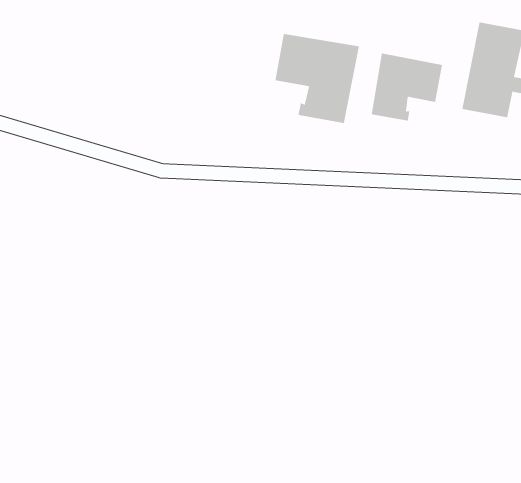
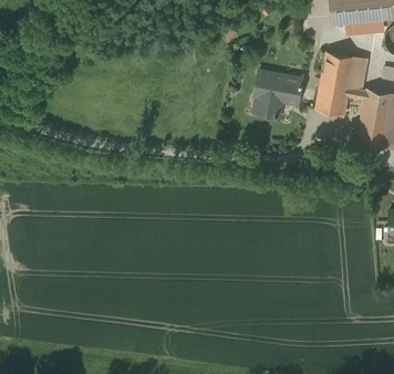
building: [275,33,359,124] -> none

